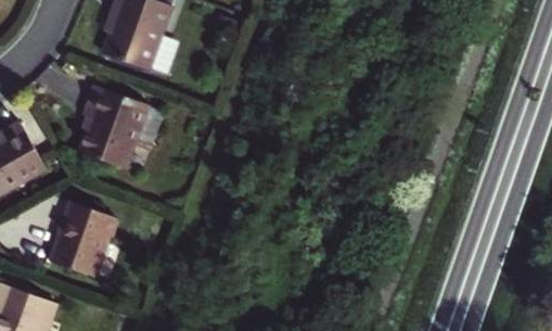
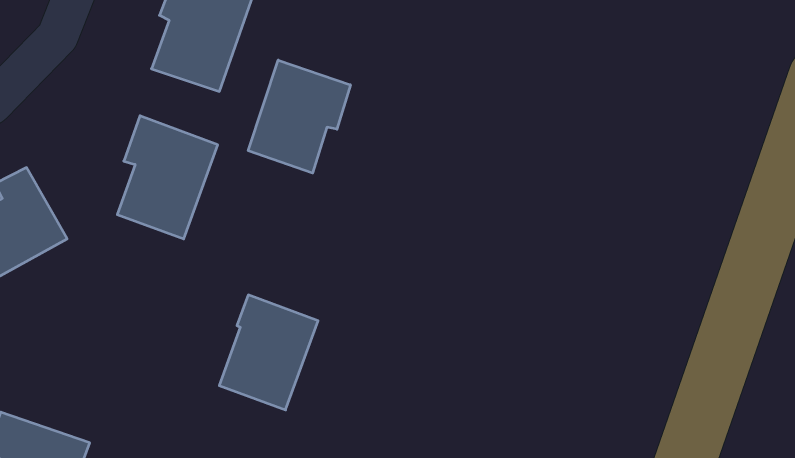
building: none -> [248,60,350,173]
building: [51,201,117,278] -> [219,295,318,410]

